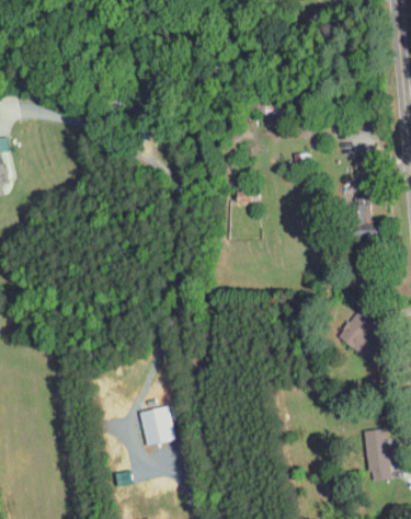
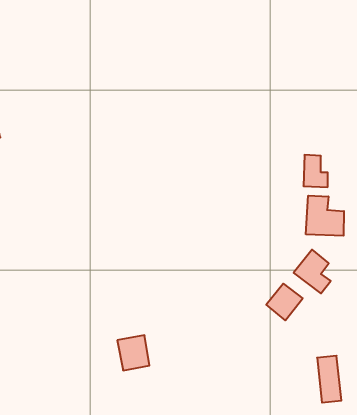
building: none -> [306,196,344,236]
building: none -> [266,284,303,320]

